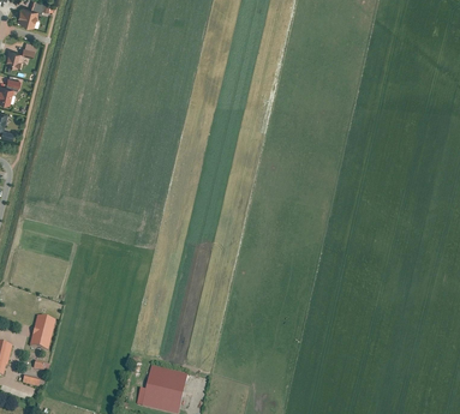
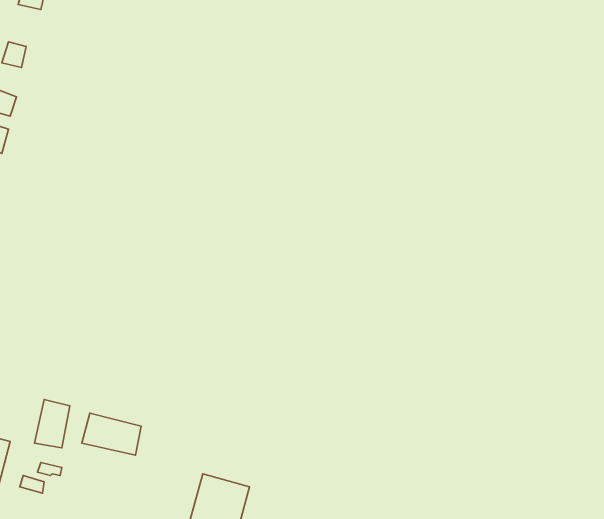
building: none -> [82,413,141,455]

